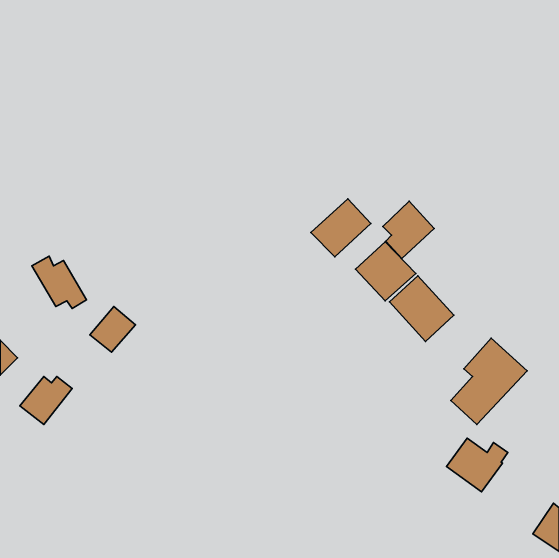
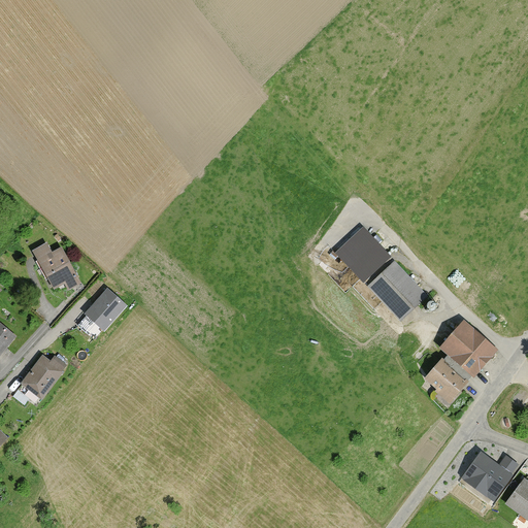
building: [311,199,371,257] -> none
building: [383,201,434,259] -> none
building: [447,438,508,492] -> [461,449,519,499]

